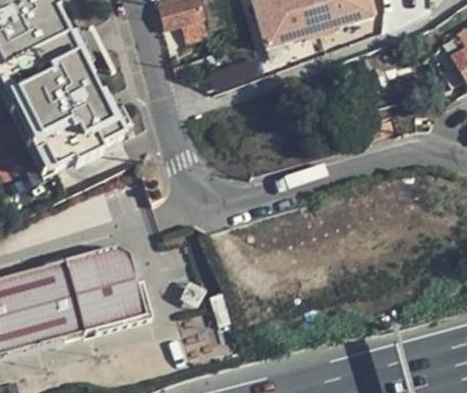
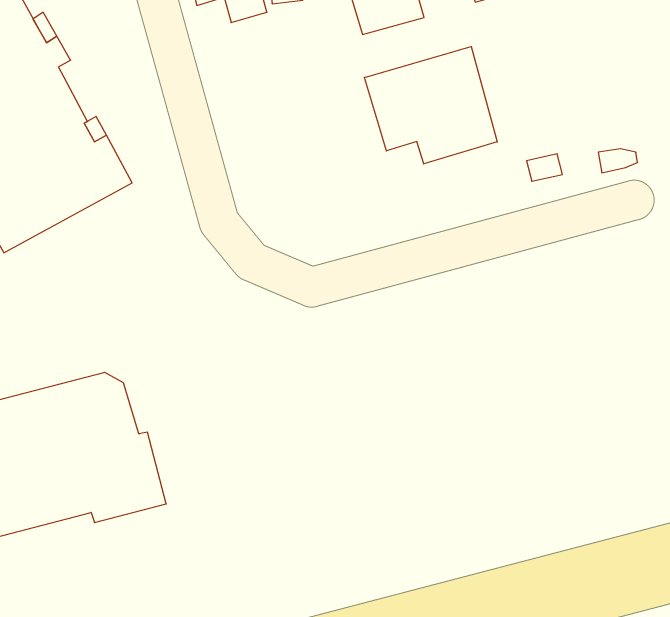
building: none -> [364,47,497,164]

